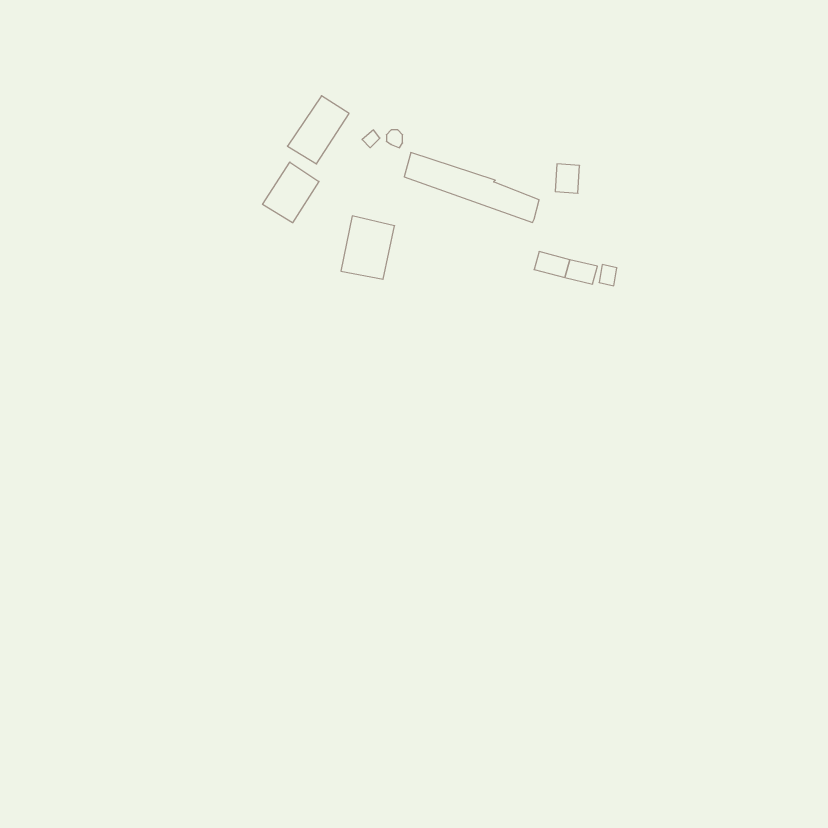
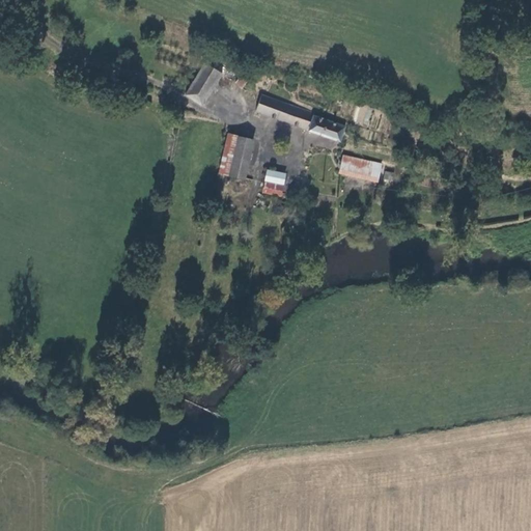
building: [263,162,319,223] -> none
building: none -> [264,171,286,196]

